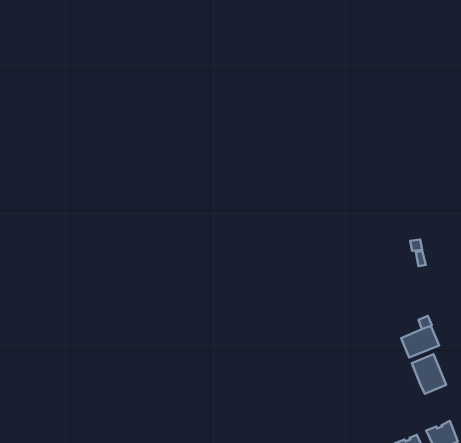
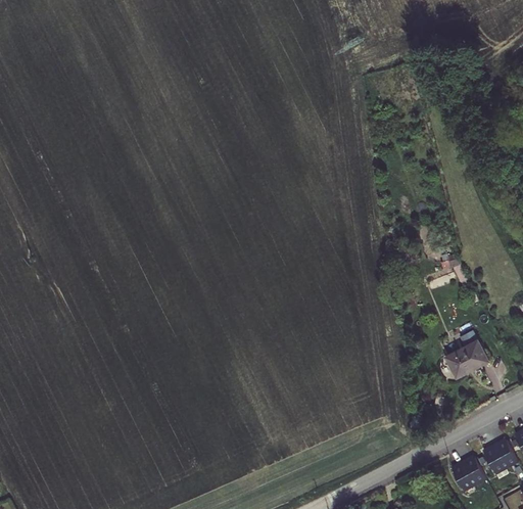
building: [412,354,446,394] -> none

